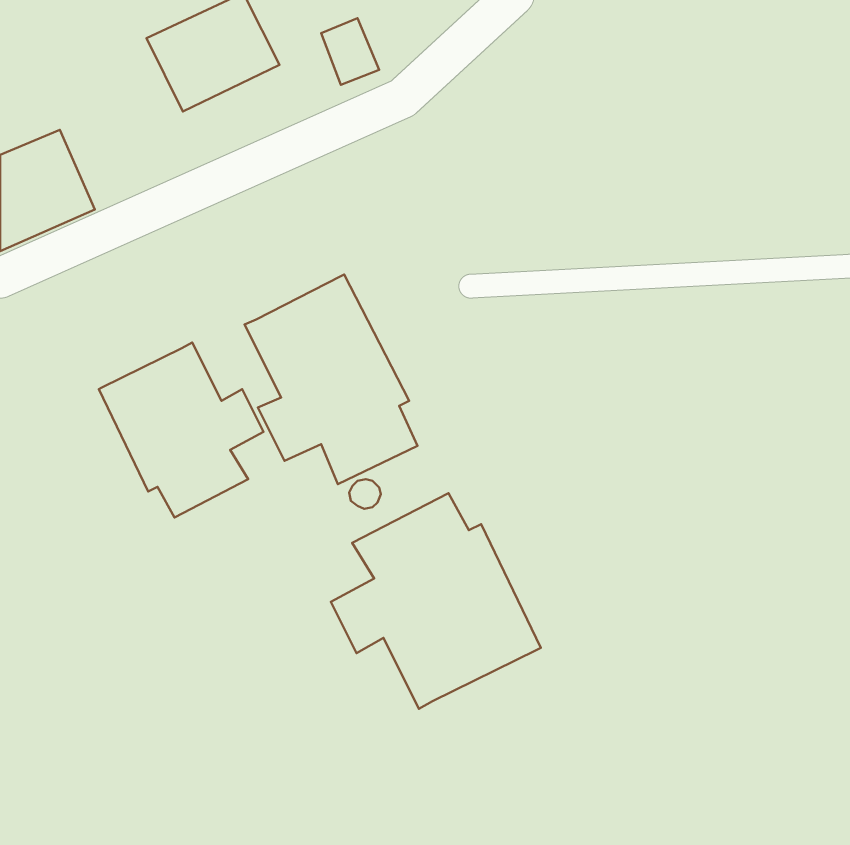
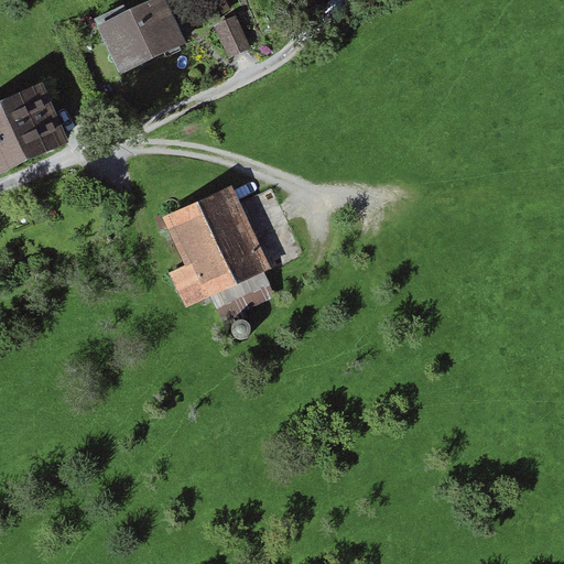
building: [99,342,263,517] -> none
building: [331,493,541,709] -> none

